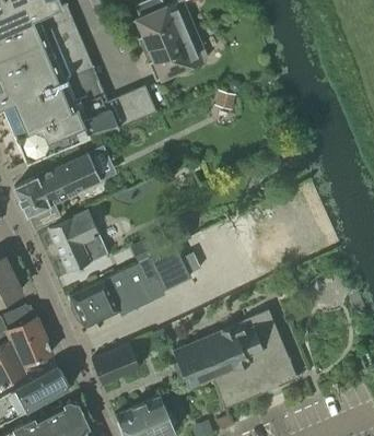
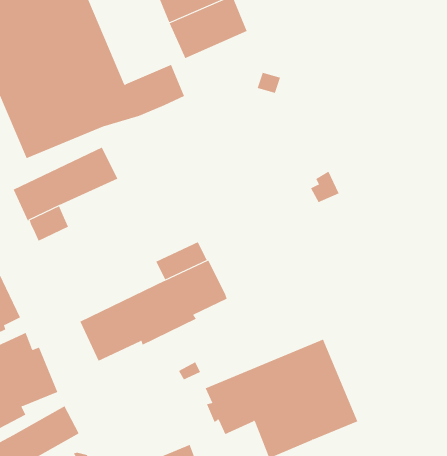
building: [48,210,109,272] -> none
building: [92,343,141,385] -> none

